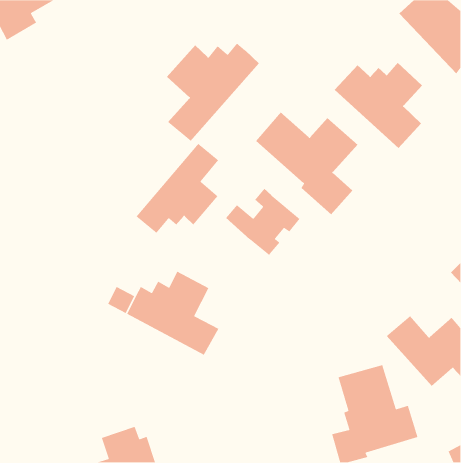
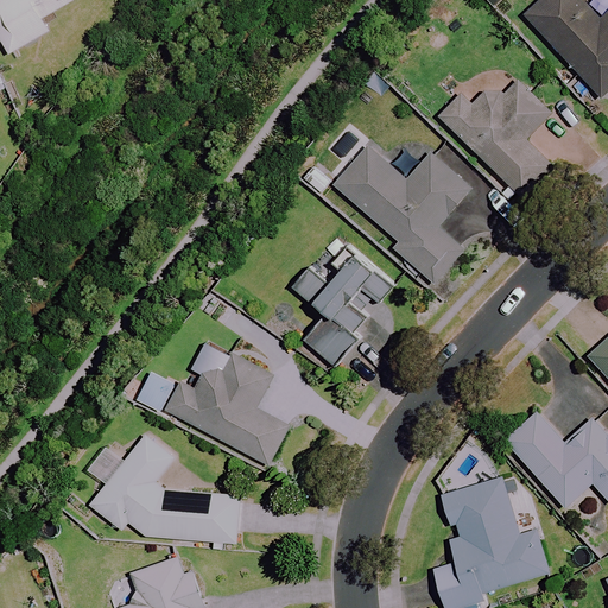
building: [166,43,260,142] -> none
building: [136,143,219,234] -> none
building: none -> [304,314,357,366]
building: none -> [91,433,240,542]

